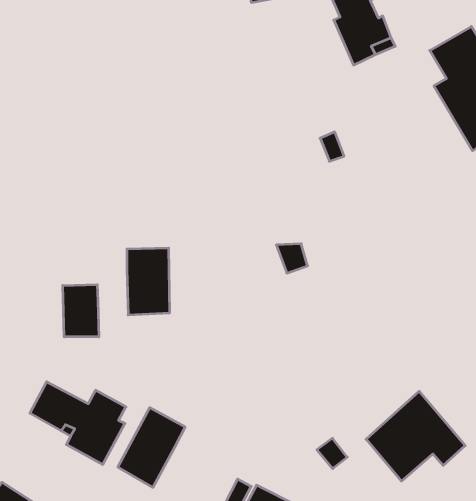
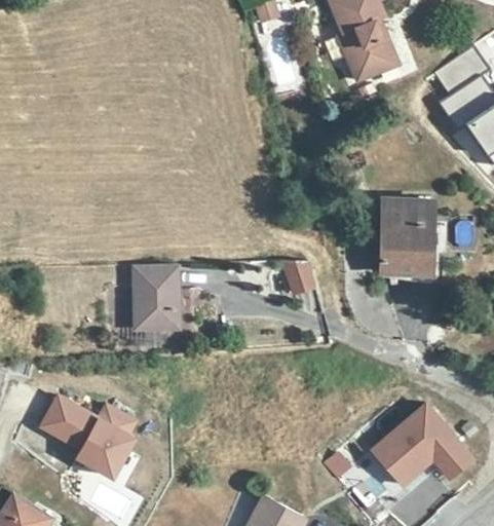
building: none -> [382,198,432,272]
building: [63,285,99,337] -> none
building: [118,408,185,487] -> none

